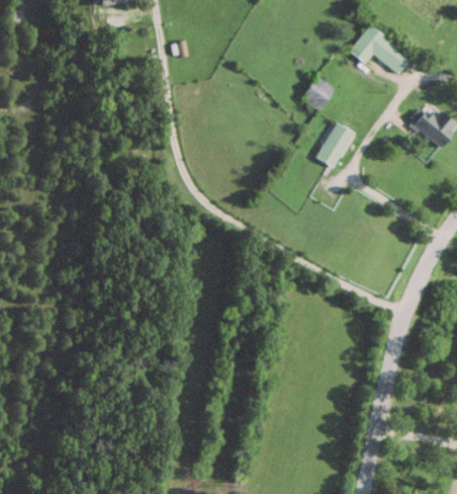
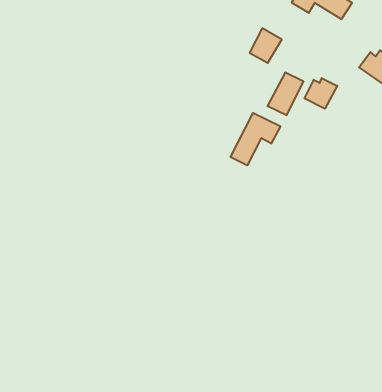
building: none -> [304,78,337,109]
building: none -> [231,113,280,165]

